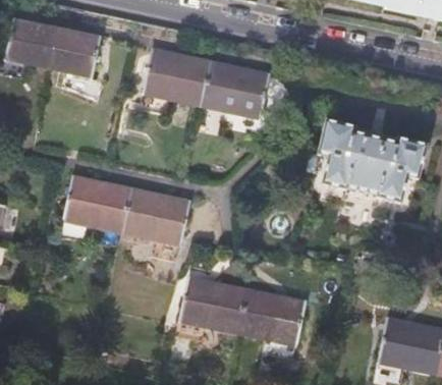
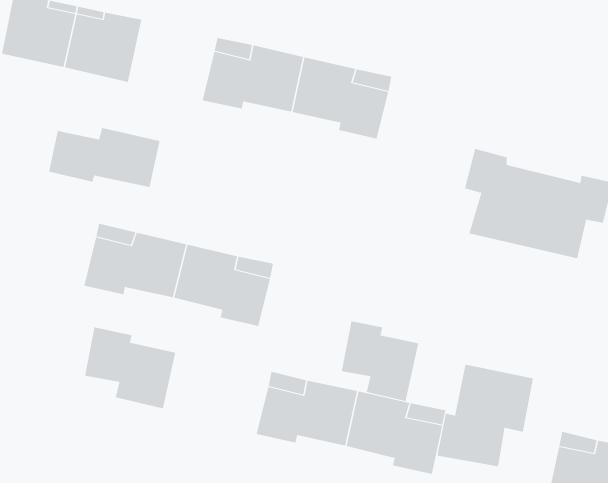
building: none -> [48,127,160,188]
building: none -> [341,320,419,402]
building: none -> [84,326,176,409]
building: none -> [437,364,533,467]

